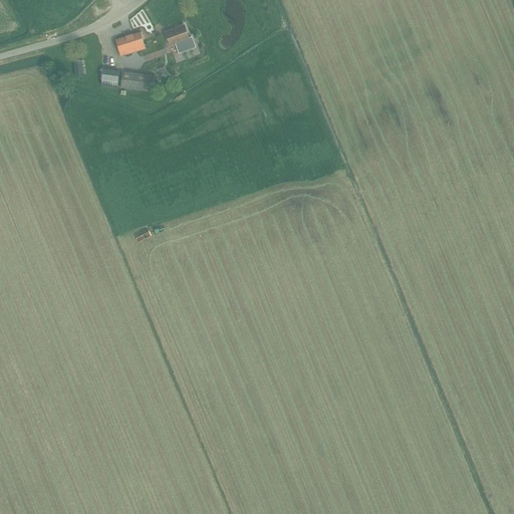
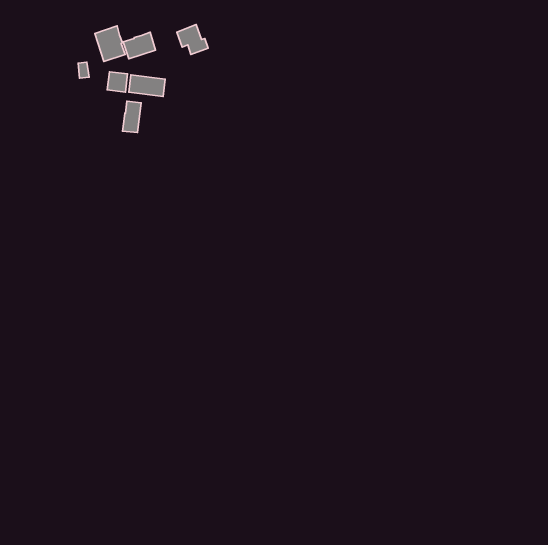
building: none -> [95,26,125,61]
building: none -> [122,101,141,133]

